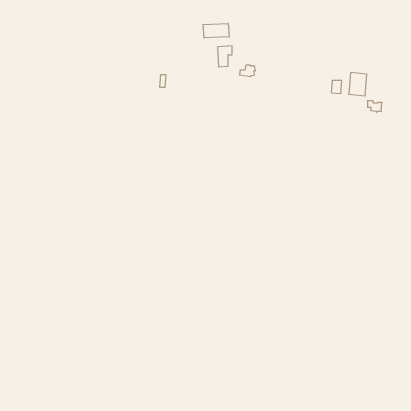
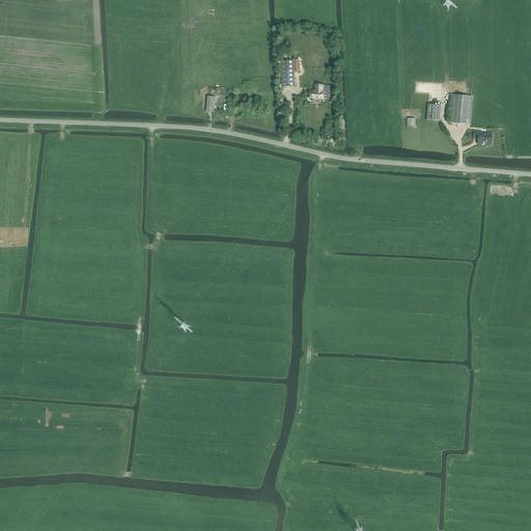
building: [203,23,229,38] -> none

